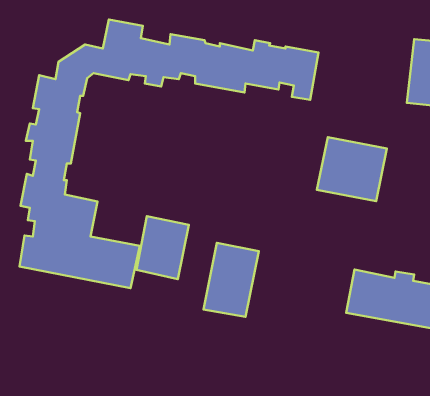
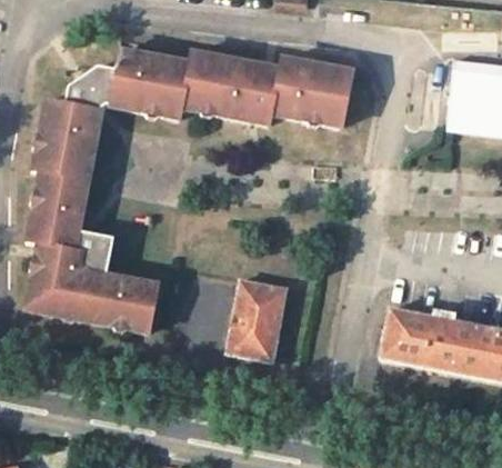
building: [317,137,387,201] -> none
building: [136,216,189,279] -> none

